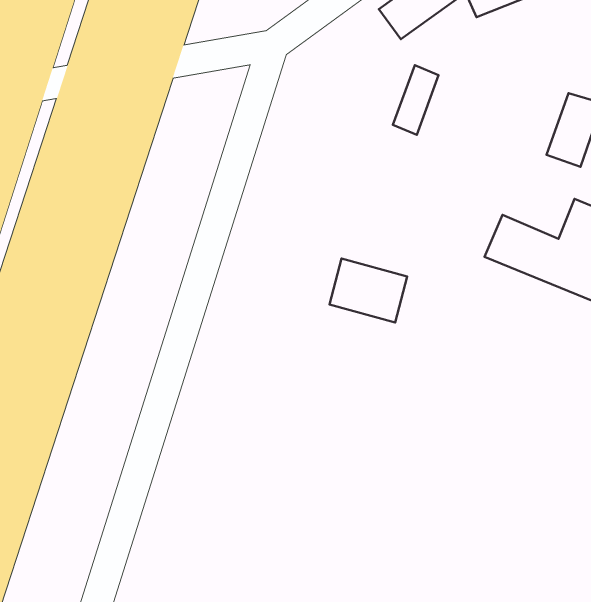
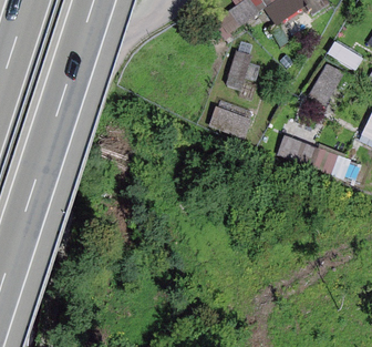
building: [329,259,407,322] -> [209,101,252,136]

